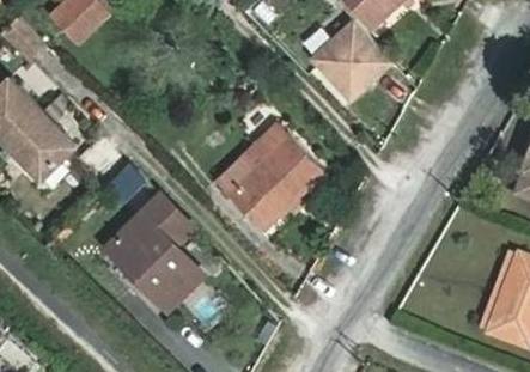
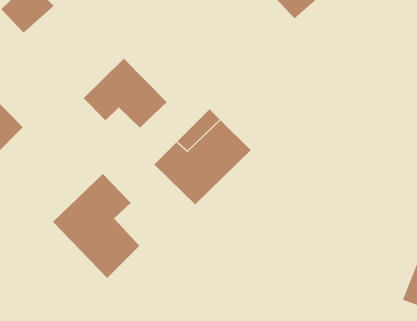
building: [306,17,392,102] -> none
building: none -> [83,58,168,128]

